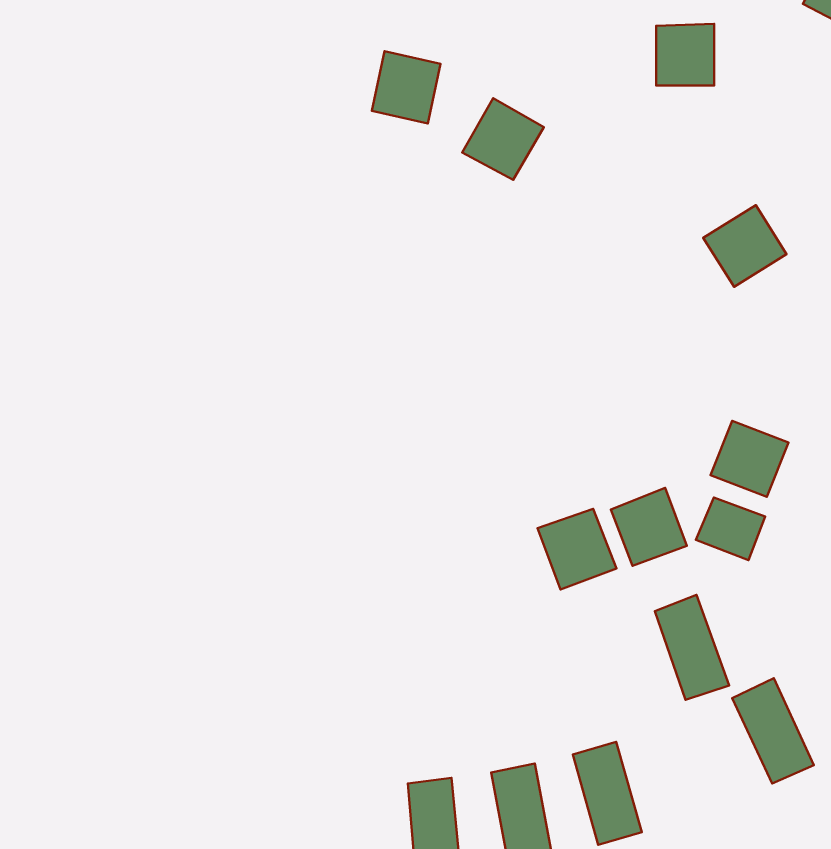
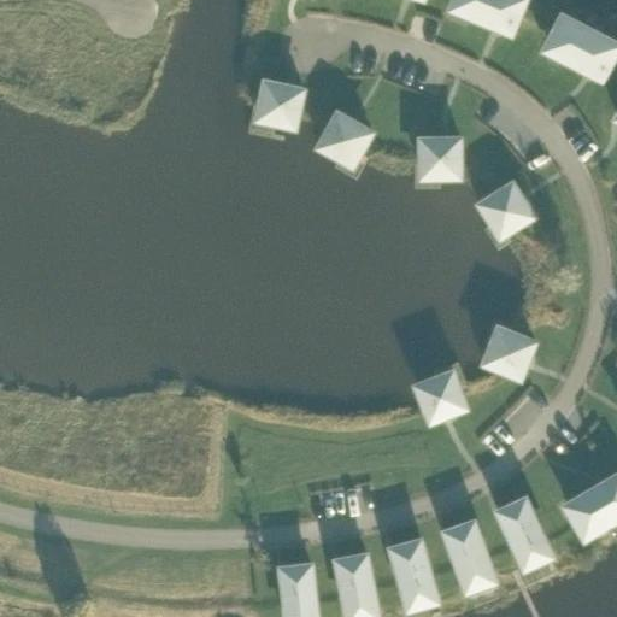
building: [656,24,714,86] -> [419,135,458,176]
building: [696,497,765,560] -> none
building: [537,509,617,590] -> none
building: [655,595,729,700] -> [443,518,493,588]

